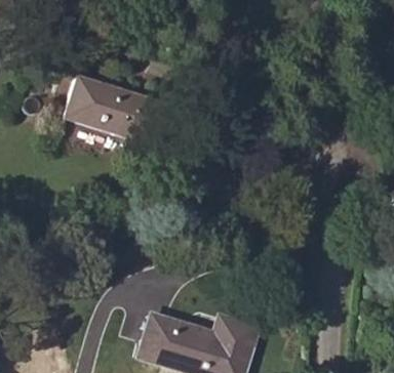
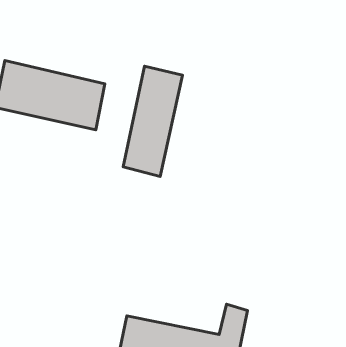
building: none -> [123,66,182,176]

